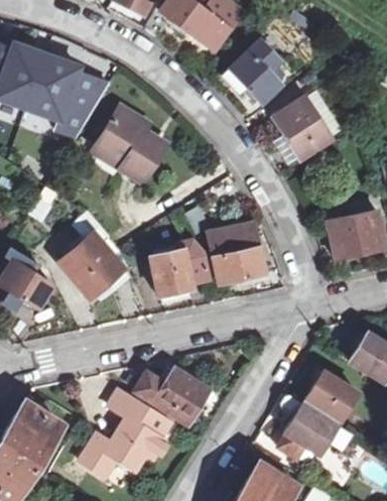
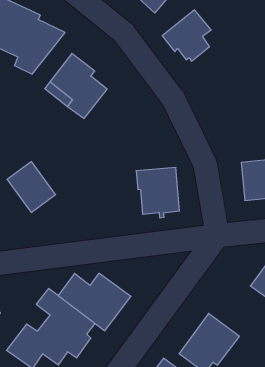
building: [272,102,330,165] -> none
building: [153,254,208,298] -> none
building: [306,363,364,417] -> none

